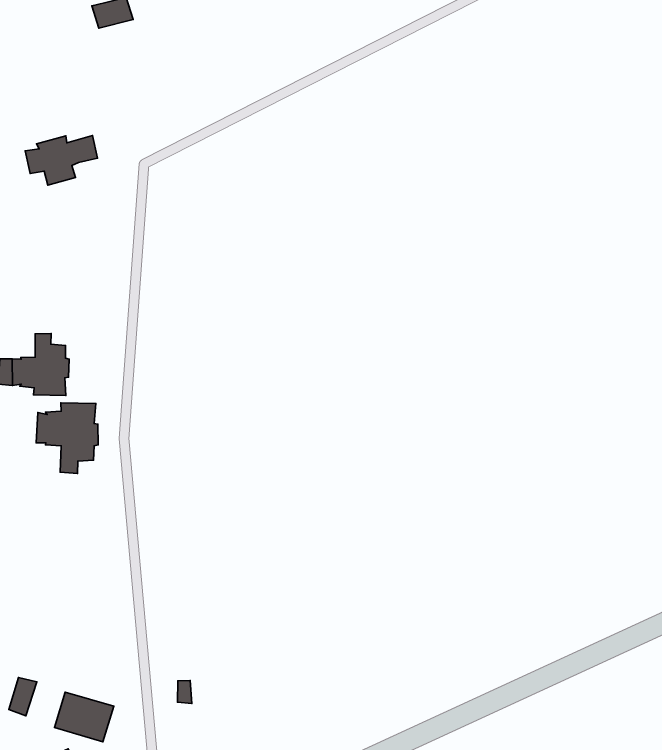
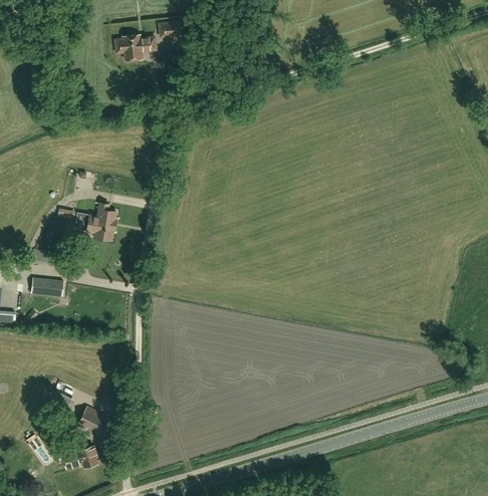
building: [25,136,98,185] -> [115,35,156,61]
building: [36,403,98,473] -> none

